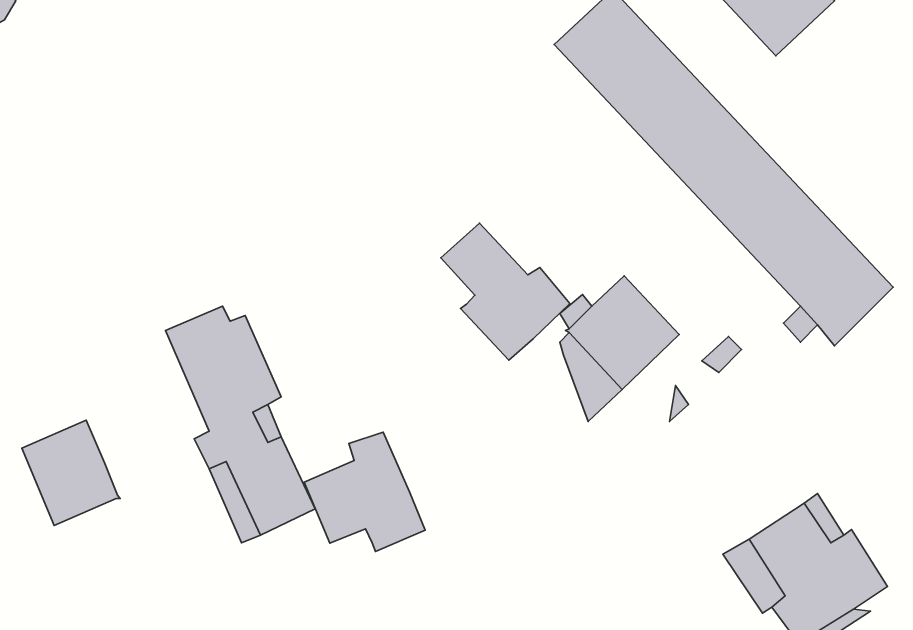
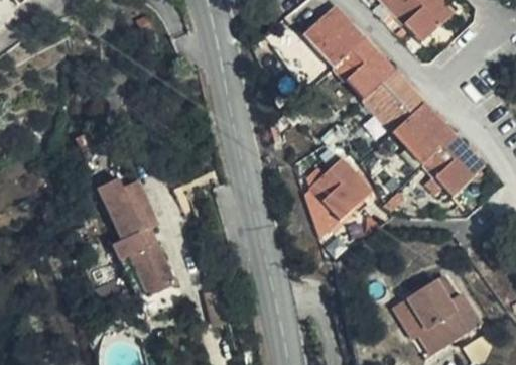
building: [441,223,570,360] -> none
building: [22,420,120,526] -> none
building: [304,432,425,552] -> none

